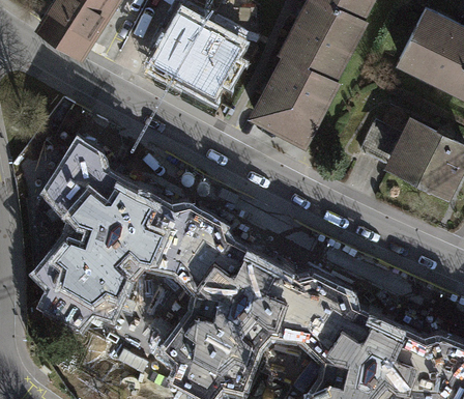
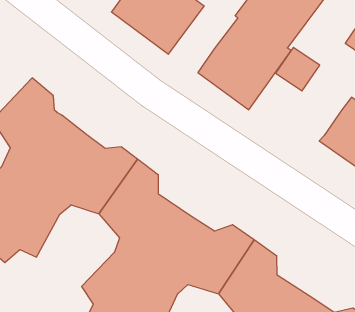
building: [359,119,404,163] -> [276,47,320,91]

